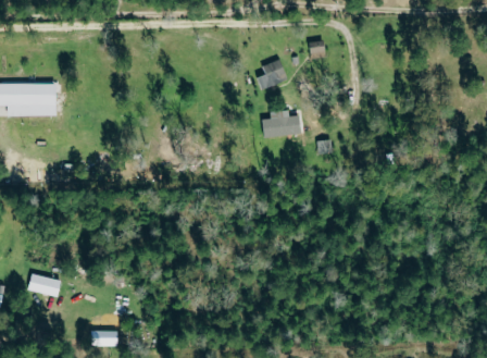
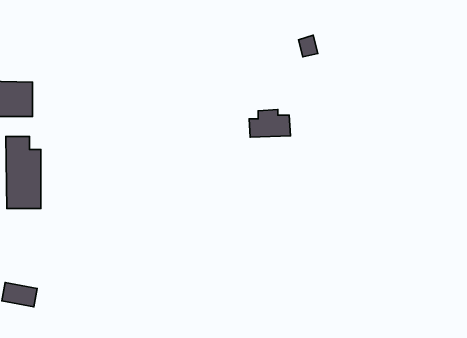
building: [255,59,287,90] -> none
building: none -> [6,136,41,209]

